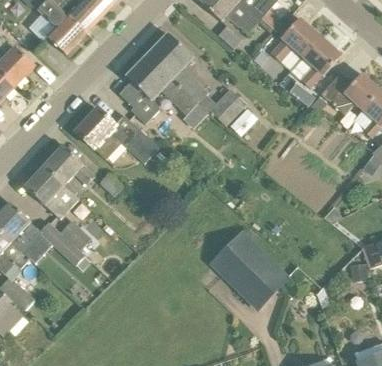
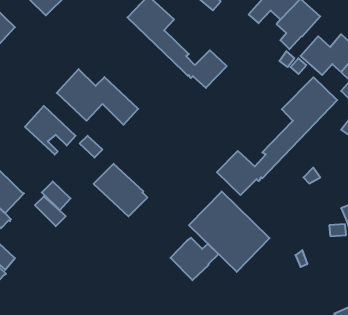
building: [118,55,202,123] -> none
building: none -> [217,77,337,195]
building: [23,165,77,218] -> [94,164,147,216]
building: none -> [170,238,219,280]

